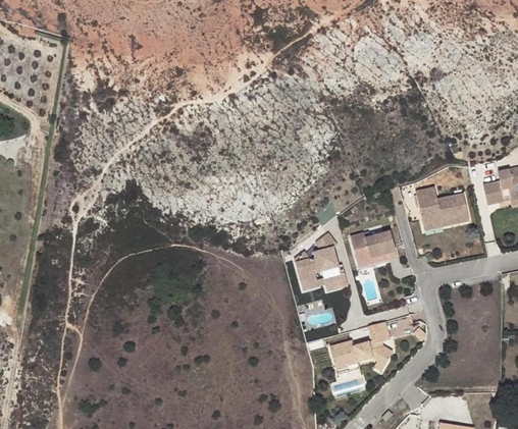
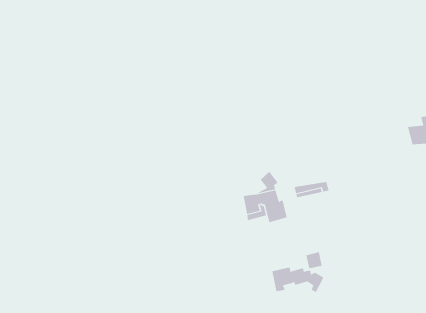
building: [416,185,469,224] -> none
building: [351,230,392,252] -> none

